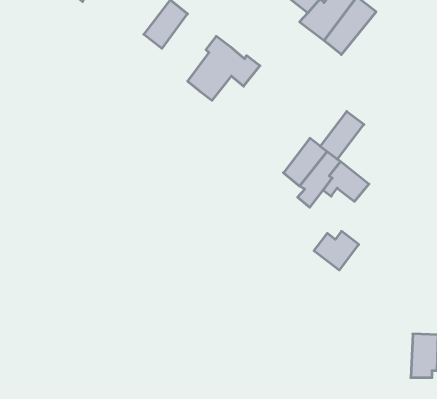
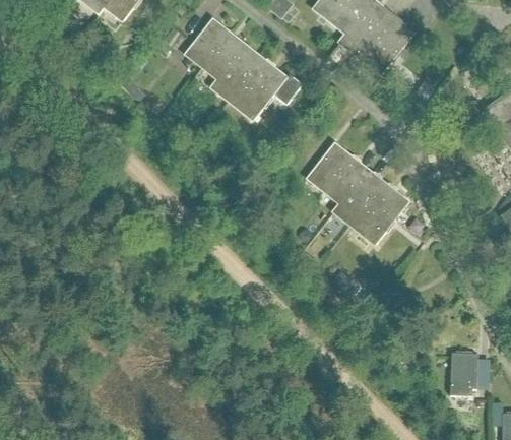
building: none -> [203,33,257,100]
building: [320,111,364,159] -> [307,143,350,191]
building: [314,231,359,270] -> [350,206,395,245]

